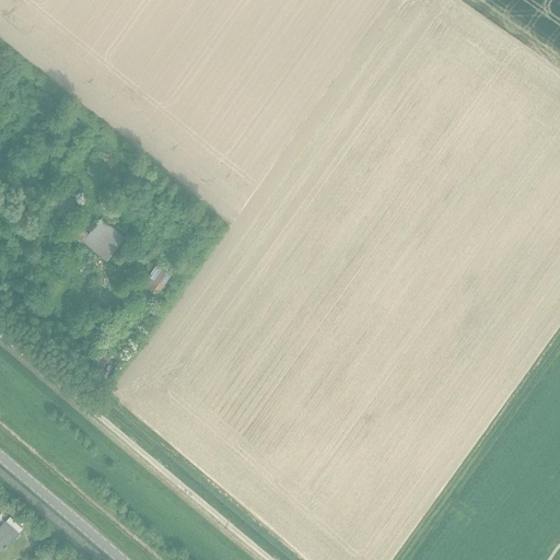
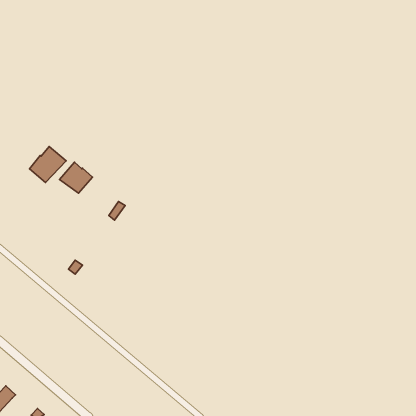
building: none -> [29,146,66,183]

